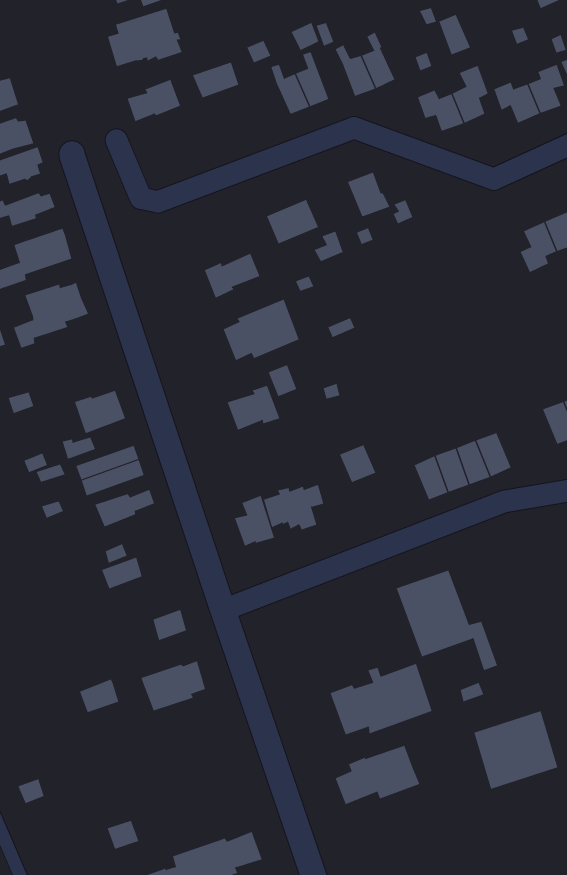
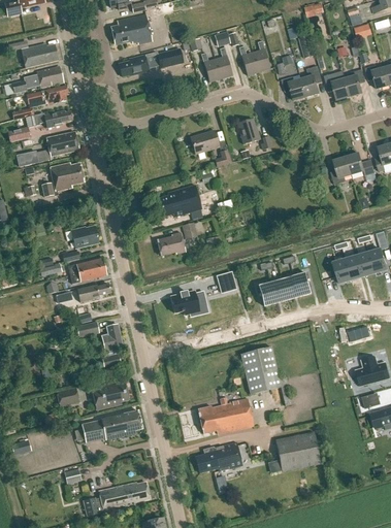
building: [204,253,260,298] -> none
building: [234,495,275,547] -> [101,324,123,352]
building: none -> [75,410,142,442]

